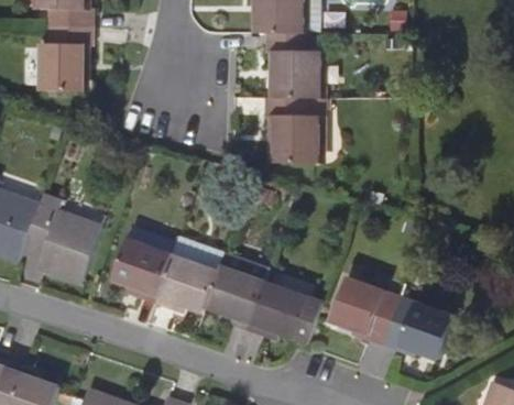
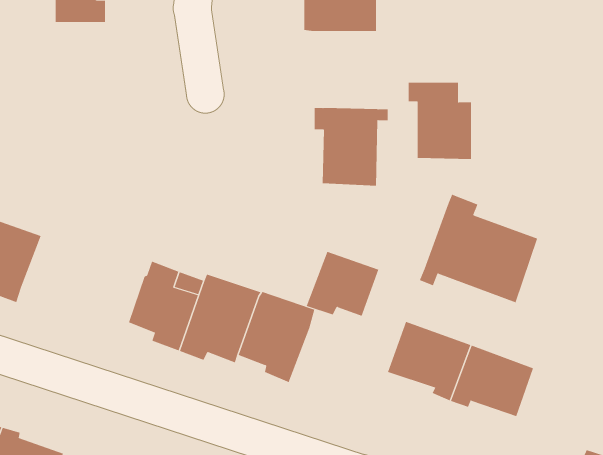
building: [42,25,90,89] -> none
building: [265,33,319,98] -> [408,82,472,160]
building: none -> [419,194,538,303]
building: [20,195,98,283] -> none
building: [244,282,306,337] -> [306,251,379,317]

